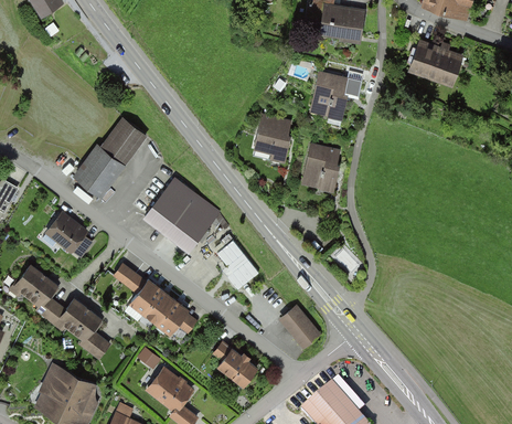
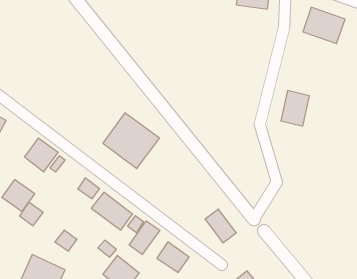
building: [307,72,351,124] -> none
building: [254,114,290,160] -> none
building: [74,116,148,198] -> none
building: [302,144,340,190] -> [281,91,309,126]
building: [207,234,252,280] -> none
building: [61,298,104,337] -> none
building: none -> [129,221,160,255]

